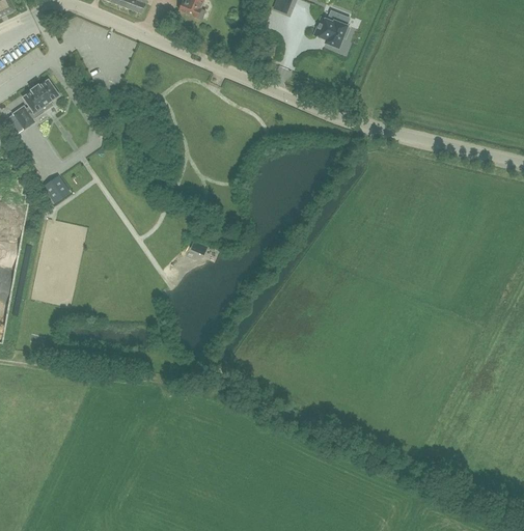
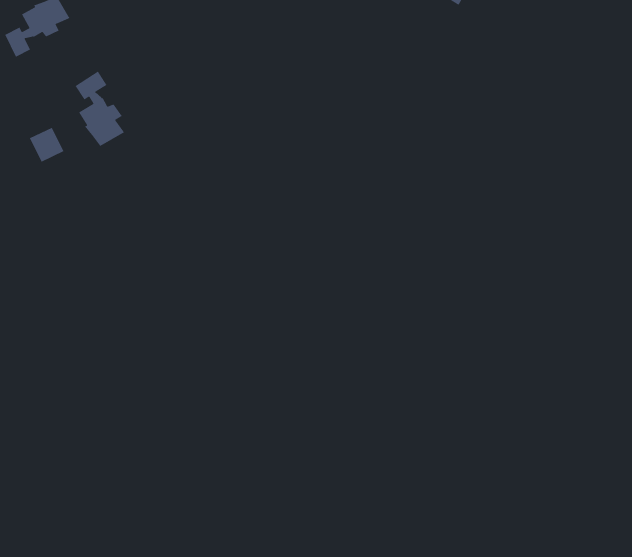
building: none -> [75,70,125,148]

